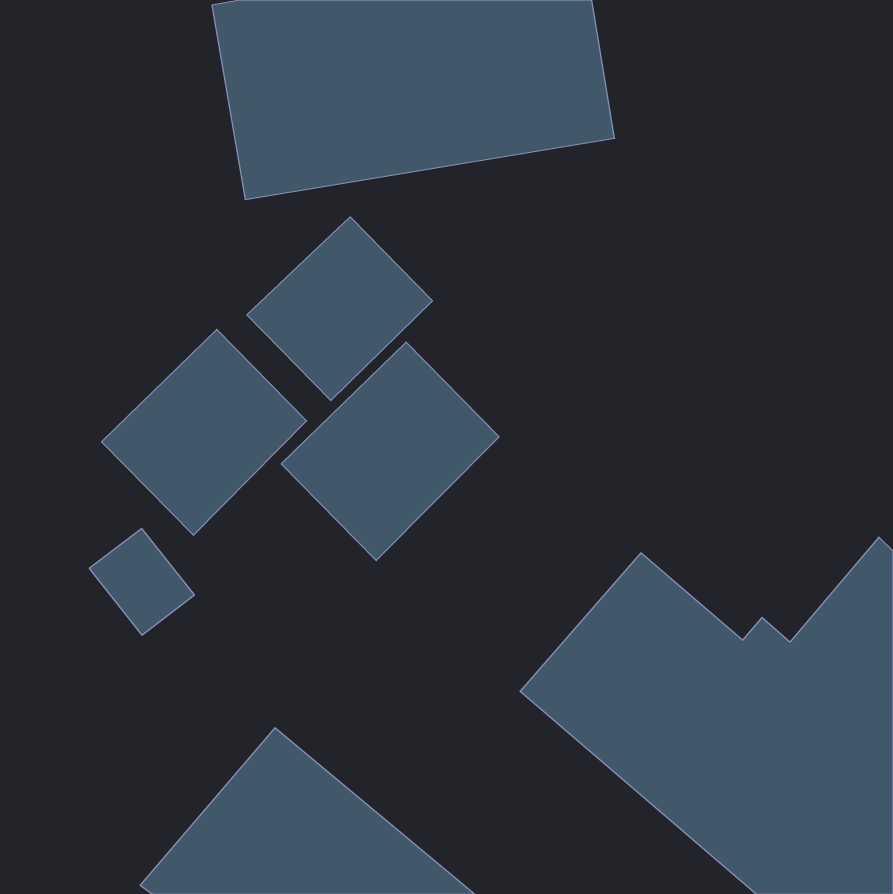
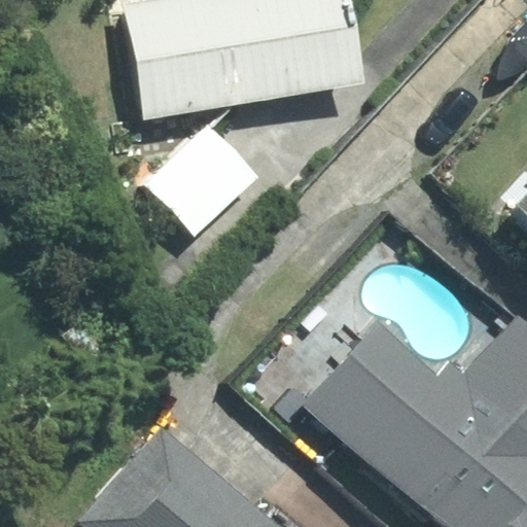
building: [102,329,307,535] -> none
building: [281,342,499,561] -> none

